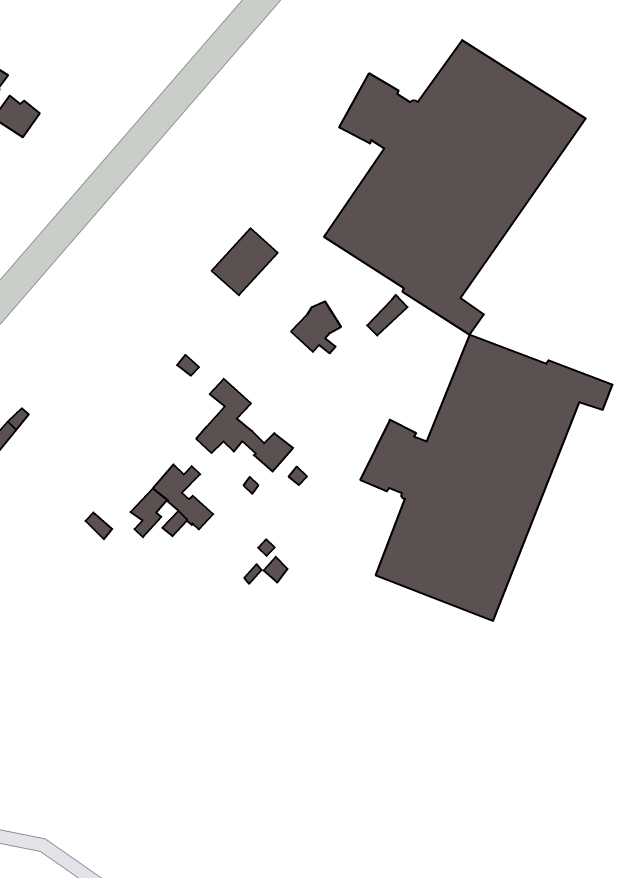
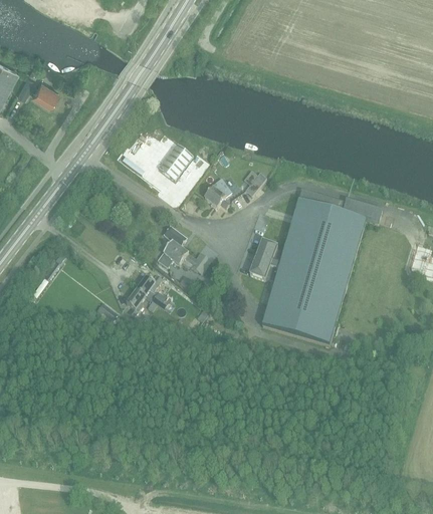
building: [324,40,586,335] -> none

